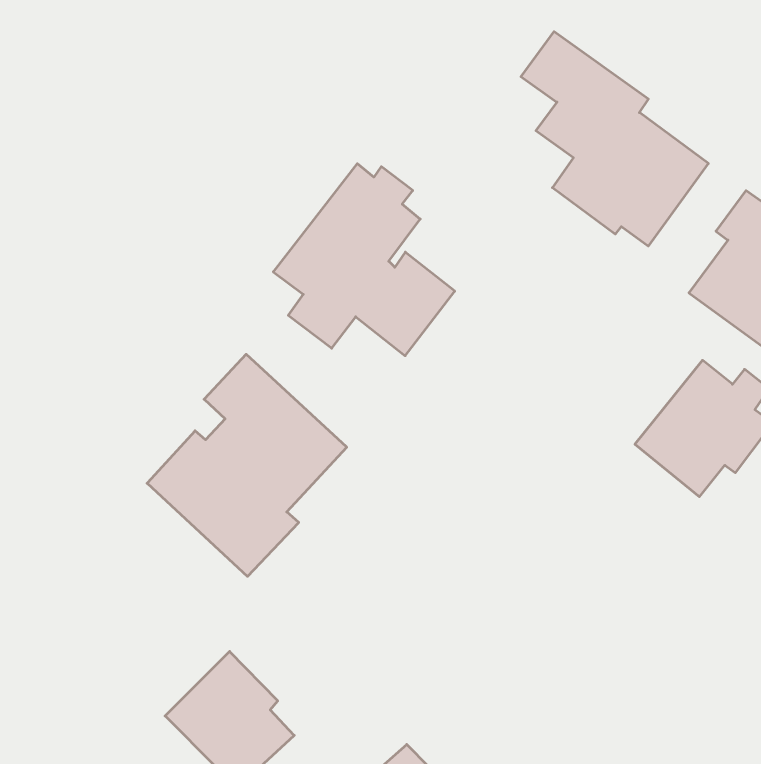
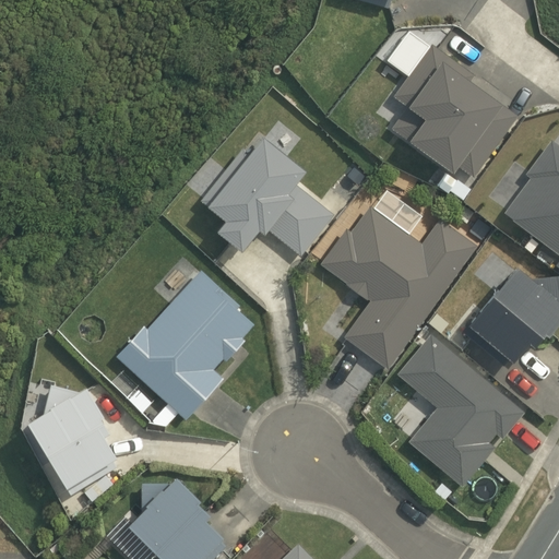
building: none -> [321,203,476,373]
building: none -> [399,335,528,490]
building: none -> [23,383,114,489]

